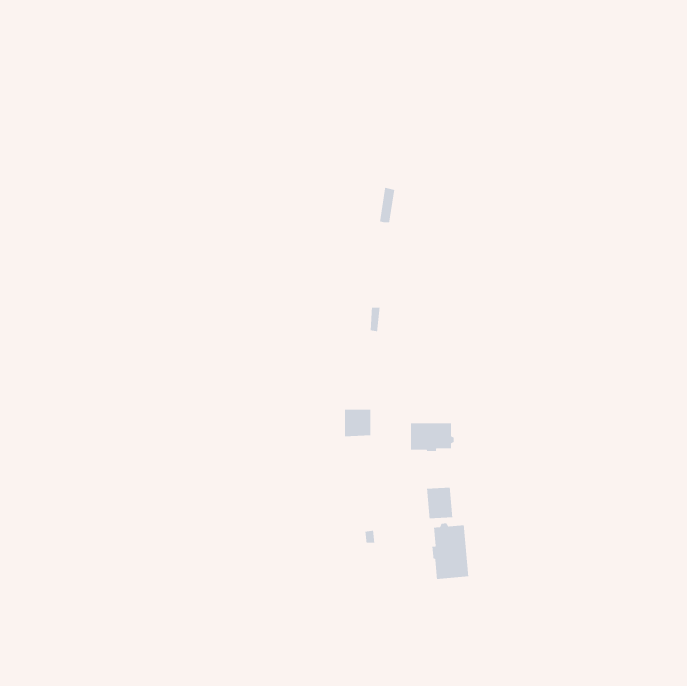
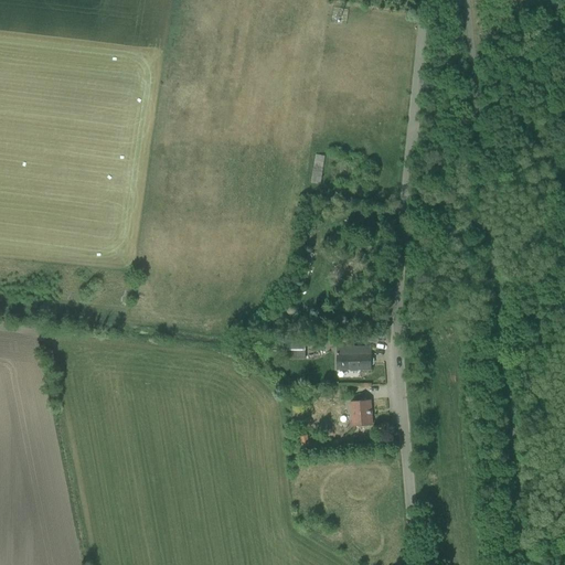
building: [432,523,469,580] -> none

